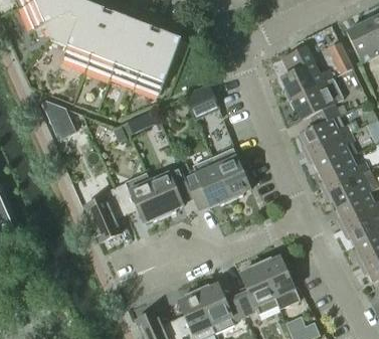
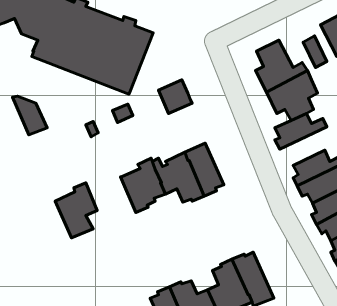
building: [306,132,356,170] -> none
building: [115,173,164,223] -> none

